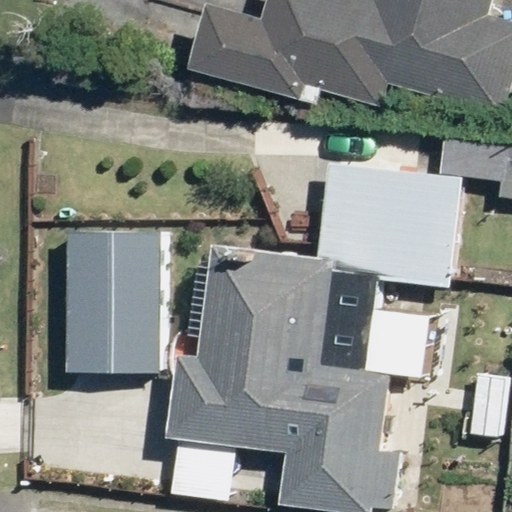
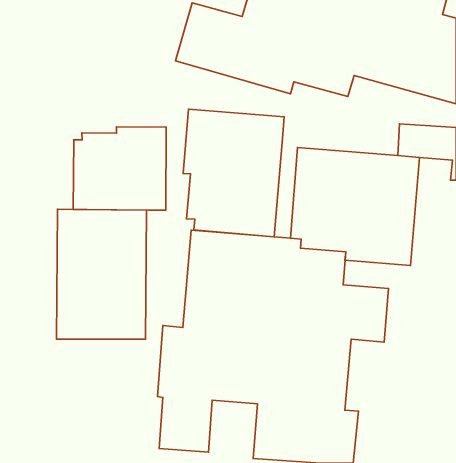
building: none -> [183,109,284,237]
building: none -> [73,127,166,210]

